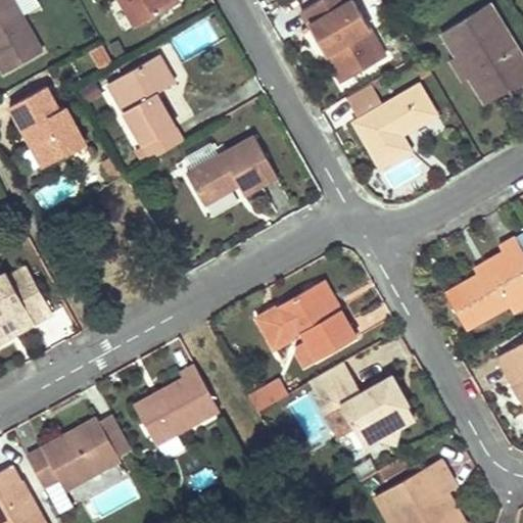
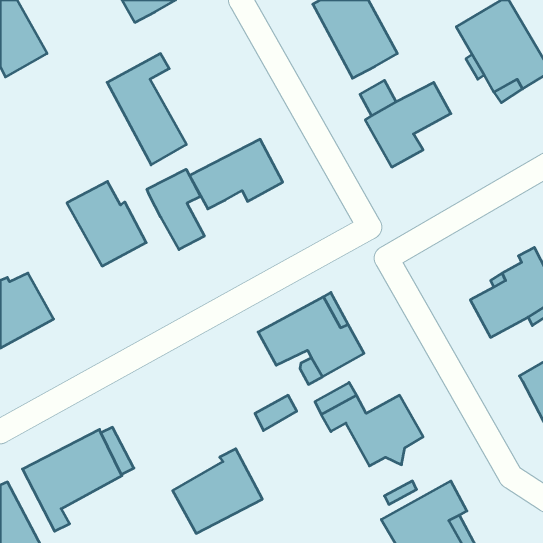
building: [15,89,91,170] -> [67,181,146,266]
building: none -> [147,169,204,250]
building: [133,362,219,442] -> [173,449,262,533]

